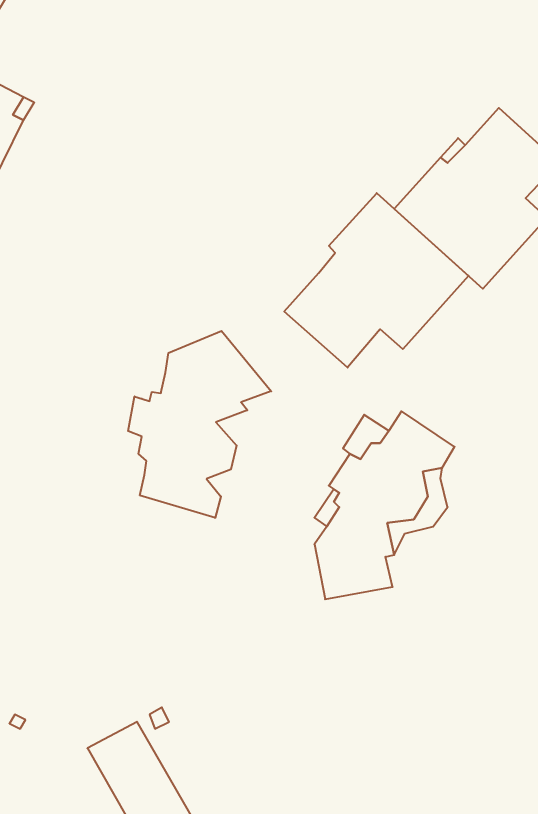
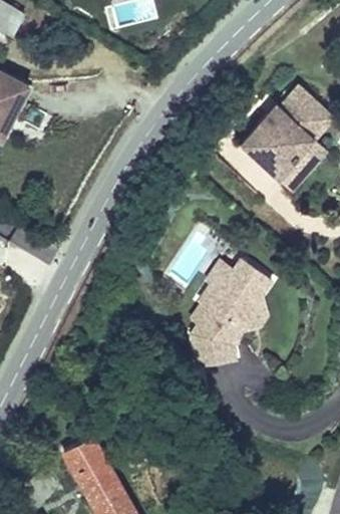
building: [284,193,469,368] -> none
building: [128,331,271,518] -> none

